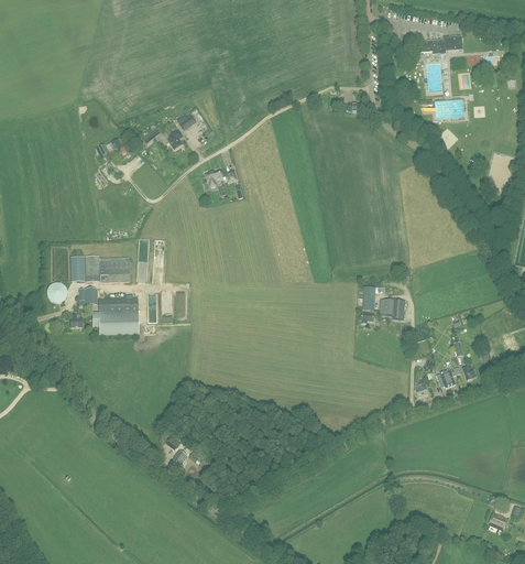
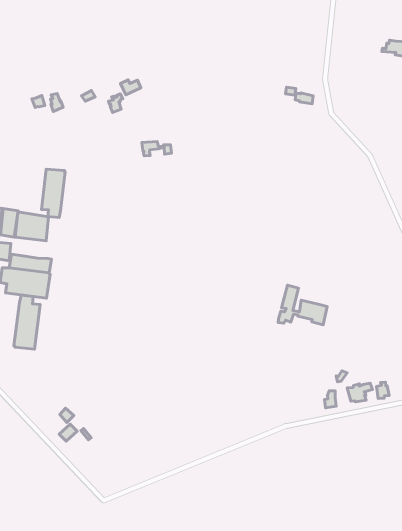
building: none -> [41,169,65,218]
building: none -> [14,295,40,349]

